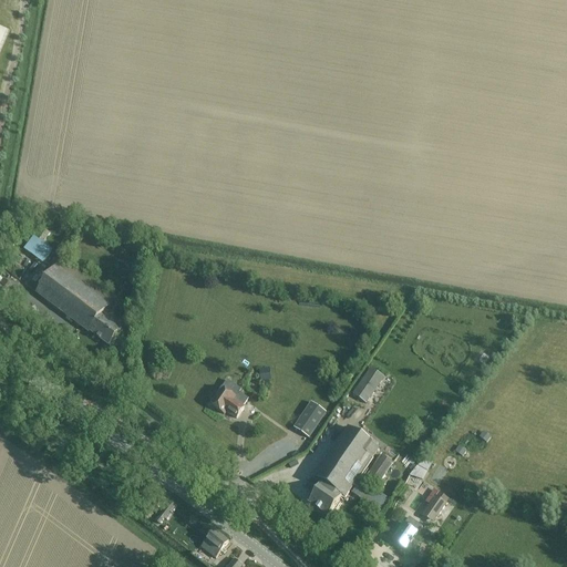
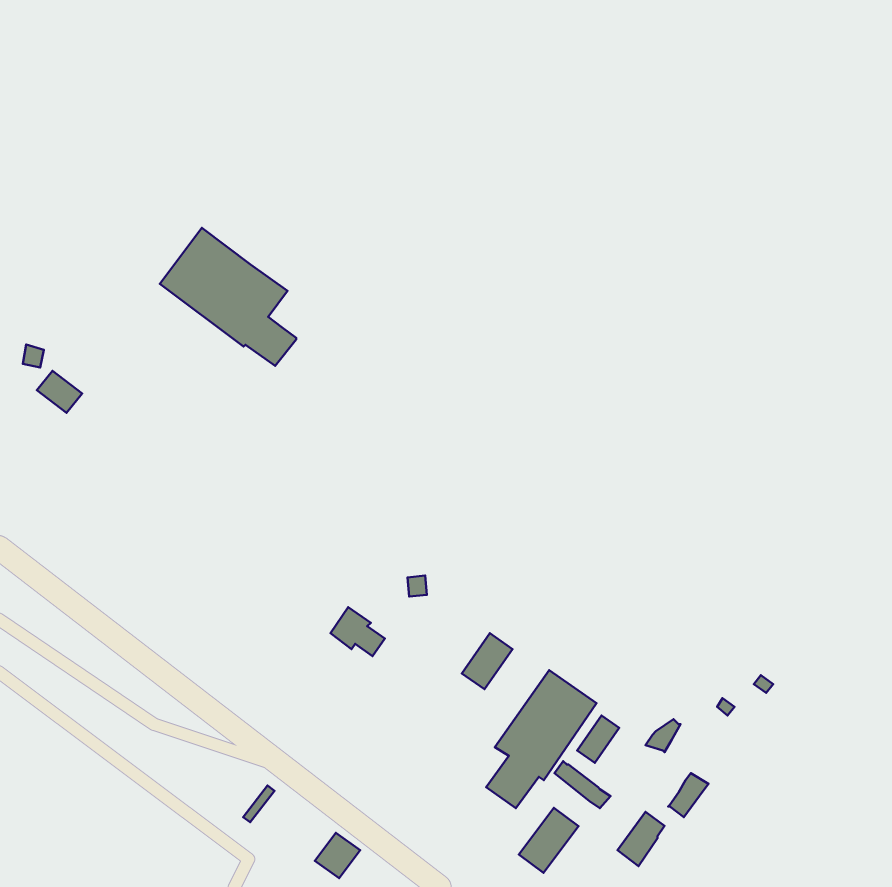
building: [34,255,121,342] -> [160,228,296,366]
building: [351,364,382,400] -> none
building: none -> [519,808,578,873]

